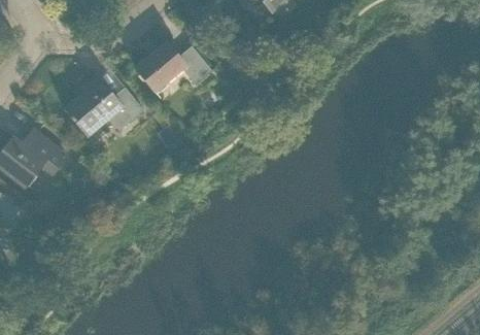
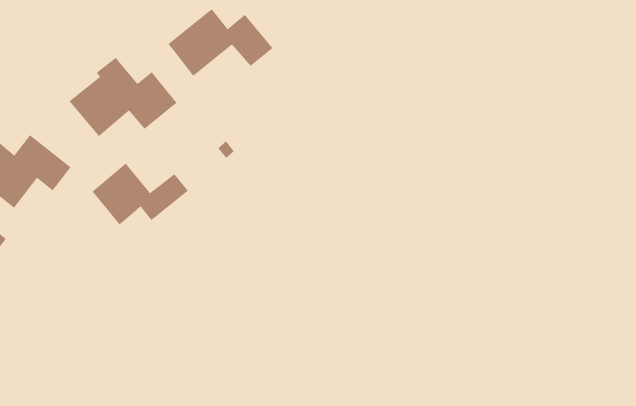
building: none -> [91,162,189,225]

